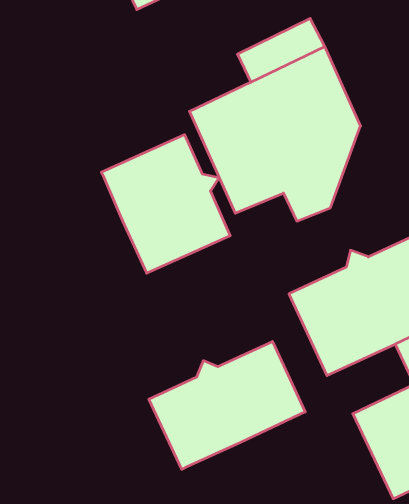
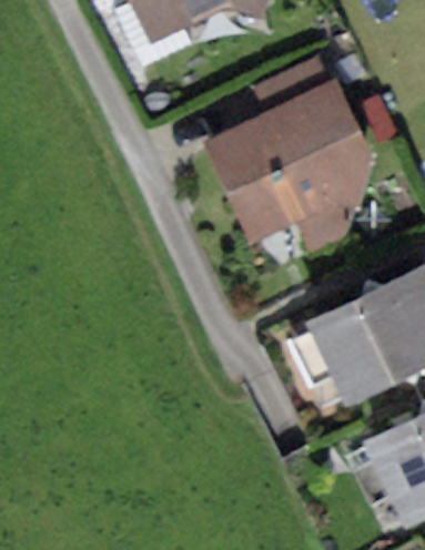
building: [101,135,230,273] -> none
building: [149,341,305,469] -> none

